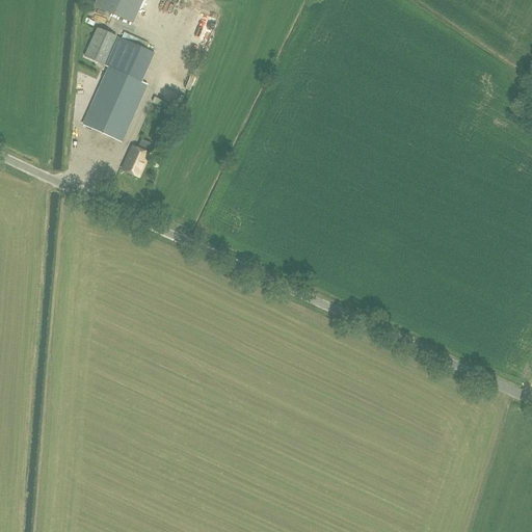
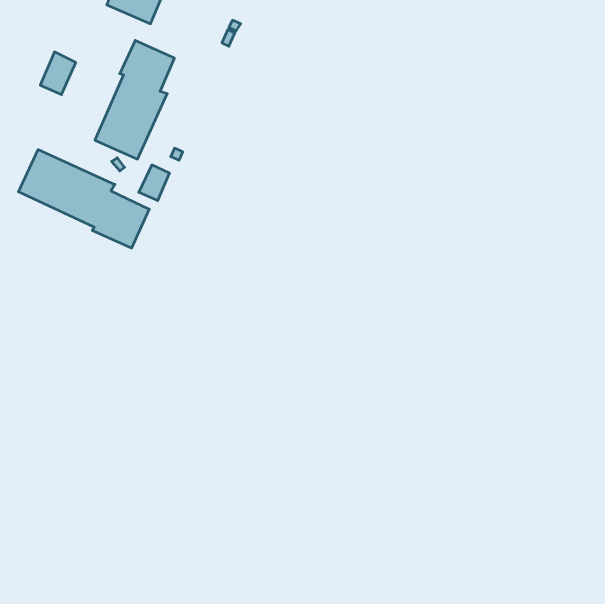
building: [84,25,115,62] -> [40,52,76,95]
building: none -> [18,150,149,248]

